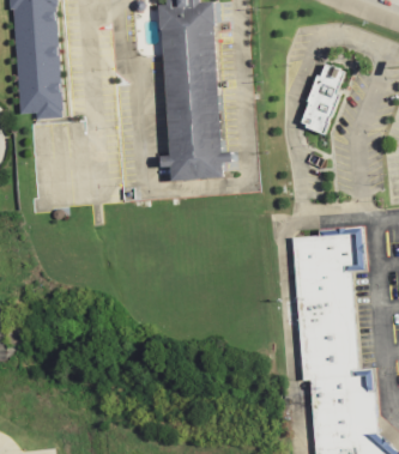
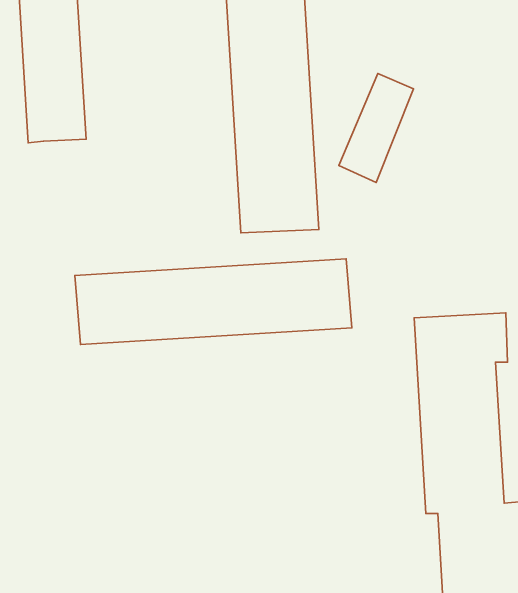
building: [297,61,350,138] -> [339,74,414,182]
building: none -> [75,259,352,345]

